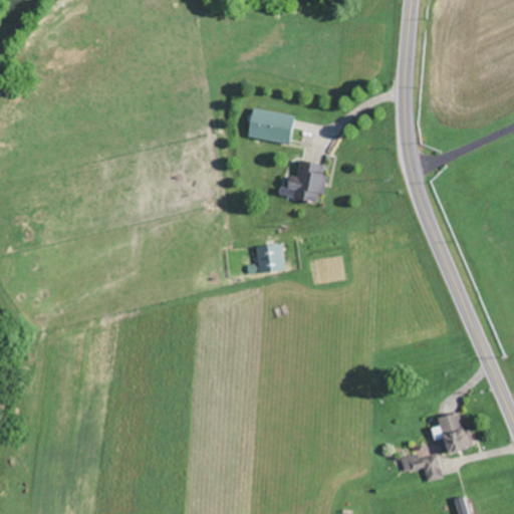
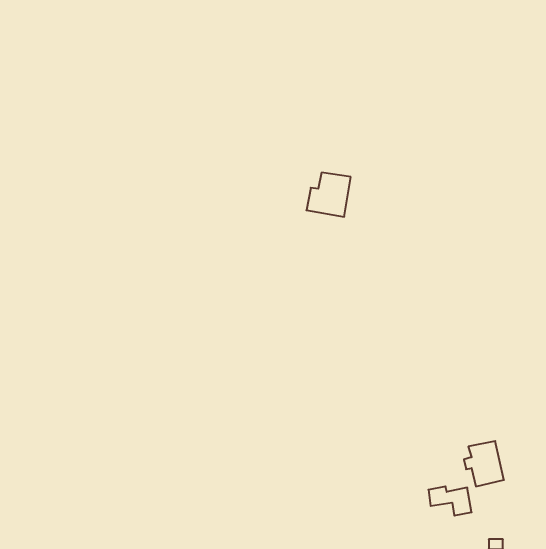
building: [248,108,294,144] -> none
building: [255,243,283,272] -> none

